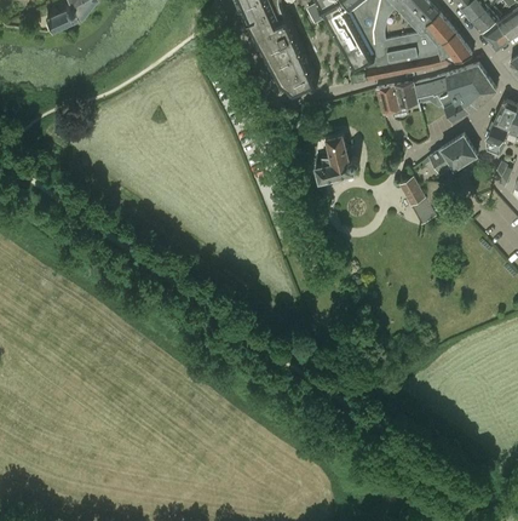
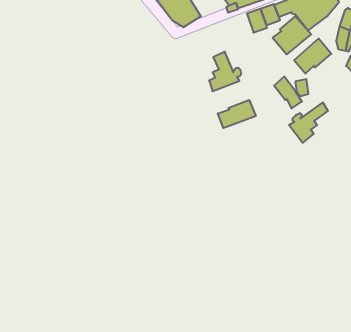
building: none -> [273,16,311,54]
building: none -> [218,100,256,128]
building: none -> [289,102,328,143]

